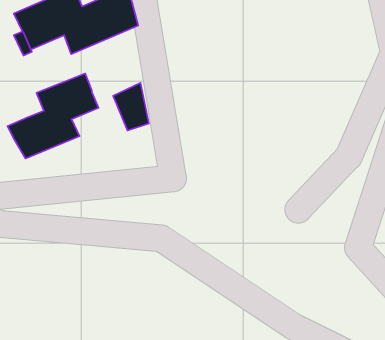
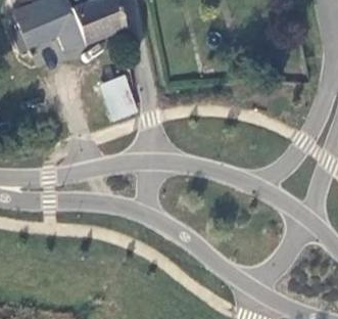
building: [8,73,98,159] -> none

